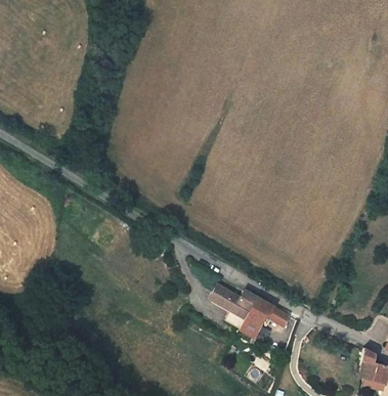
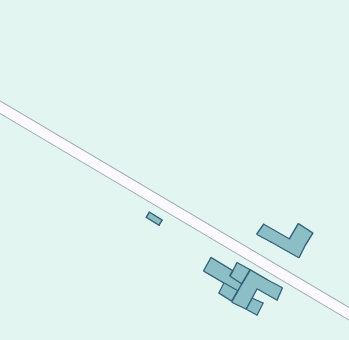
building: none -> [257,224,313,258]

